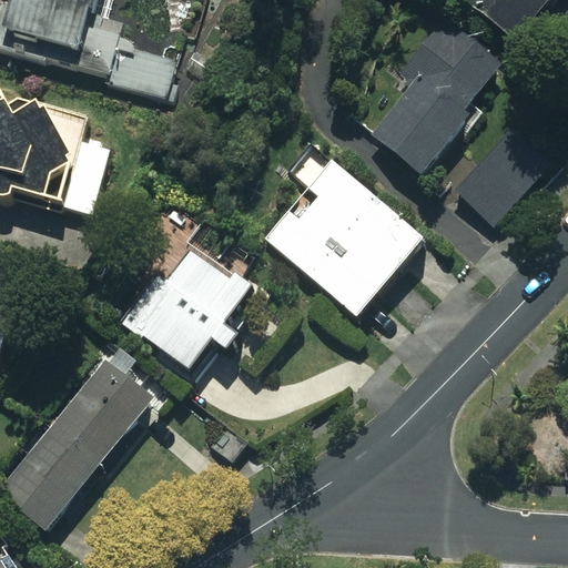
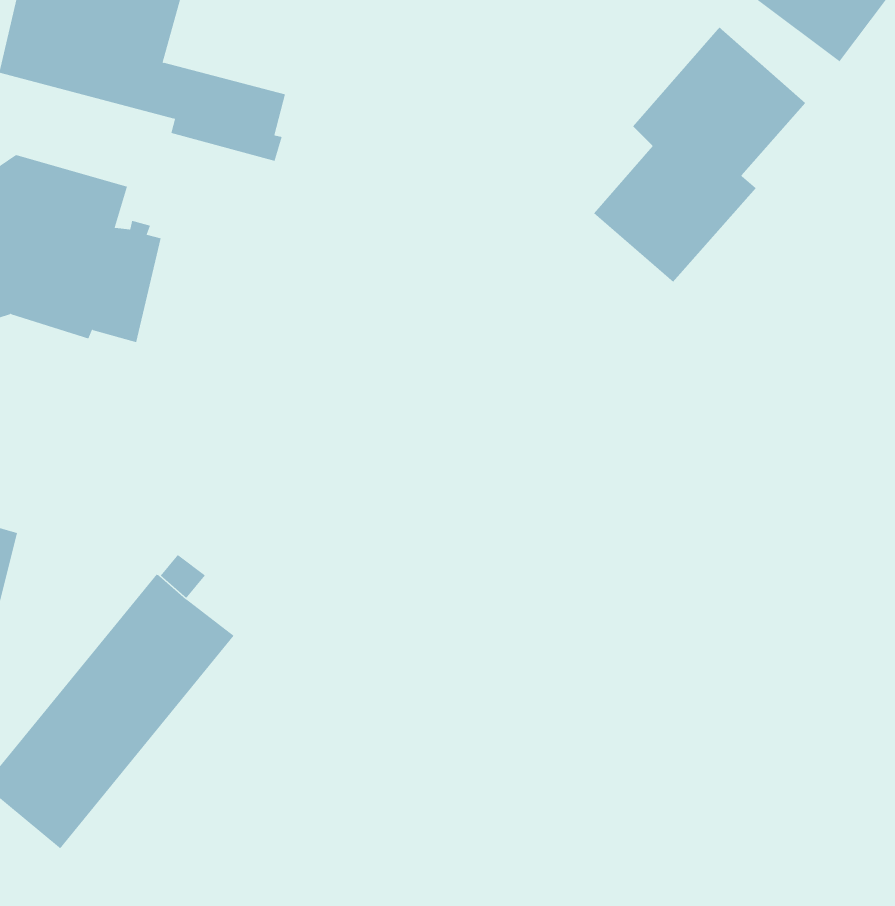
building: [454,129,548,222] -> none
building: [266,160,429,320] -> none
building: [121,251,262,375] -> none

